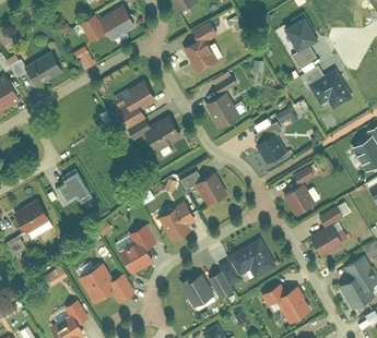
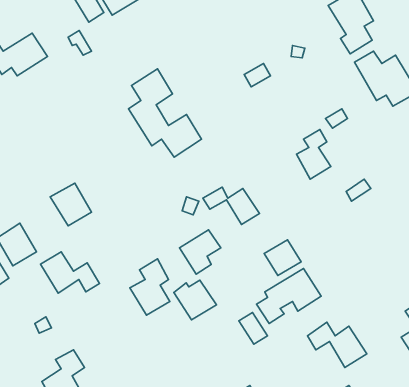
building: [190,31,216,72] -> none
building: [208,96,235,125] -> none
building: [285,185,315,214] -> [264,240,301,275]
building: [310,207,340,253] -> none
building: [81,273,128,305] -> [40,252,100,293]
building: [180,274,214,305] -> [174,280,216,320]

